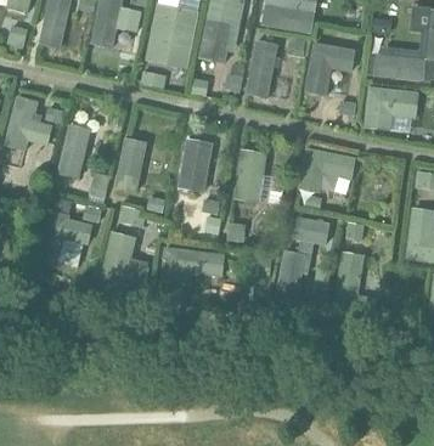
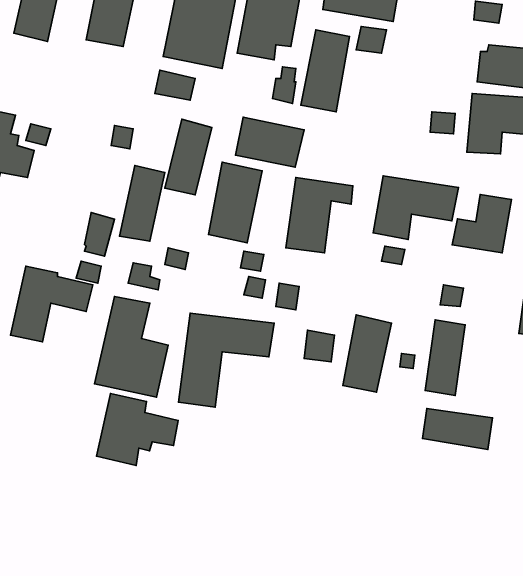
building: [303,40,356,95] -> none
building: none -> [235,117,304,167]
building: [56,124,90,179] -> [165,119,212,195]
building: none -> [452,194,511,253]
building: [293,215,332,243] -> none
building: none -> [96,394,178,465]
building: none -> [422,408,493,449]

